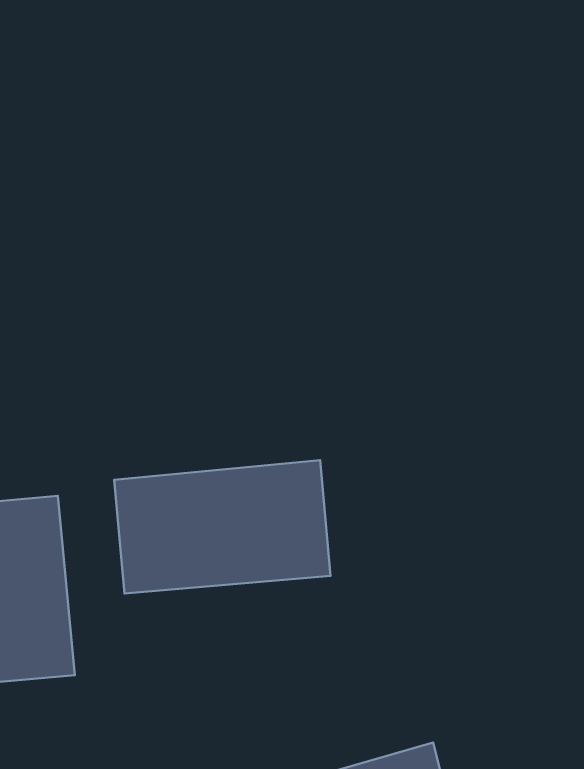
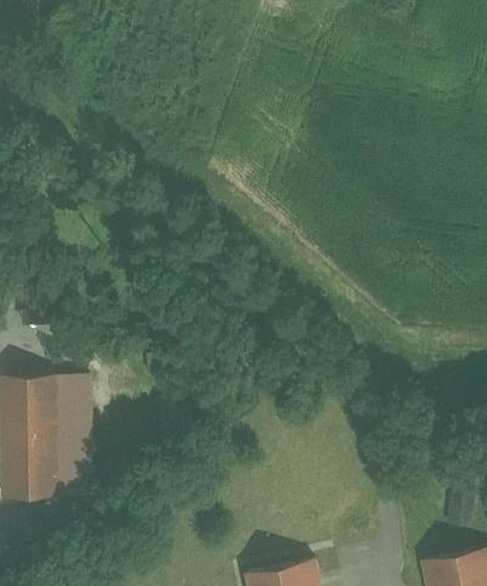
building: [114,460,331,593] -> none

